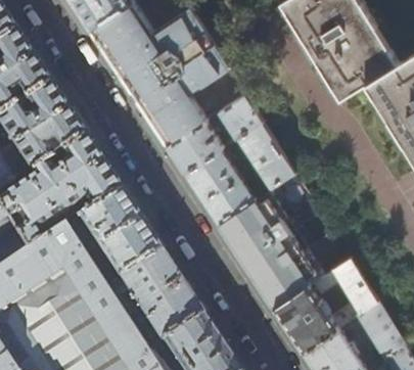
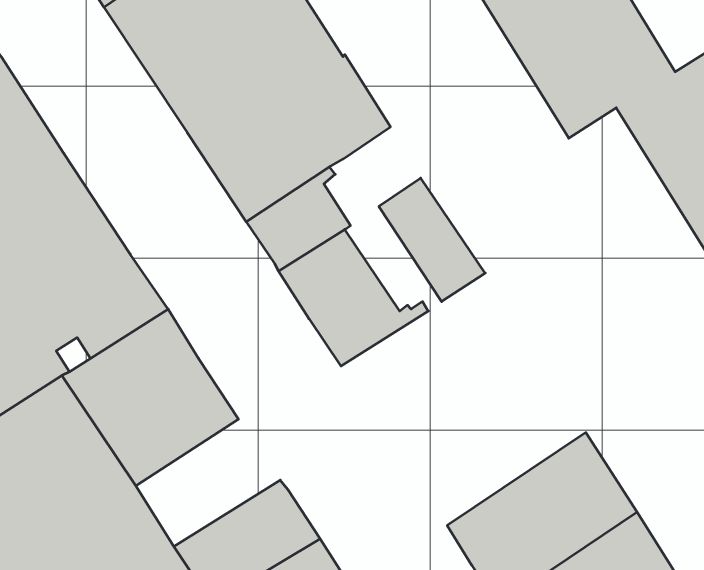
building: [218,96,261,140] -> none
building: [217,192,324,311] -> none
building: [106,253,184,322] -> none

